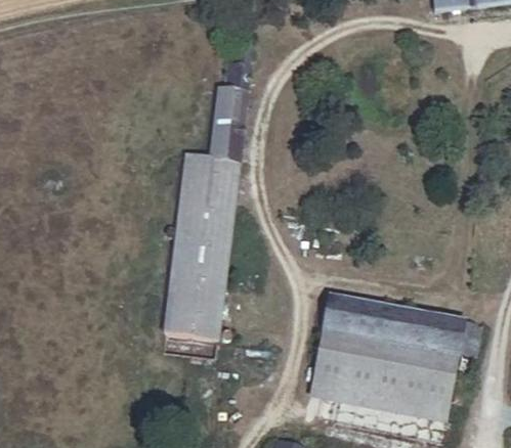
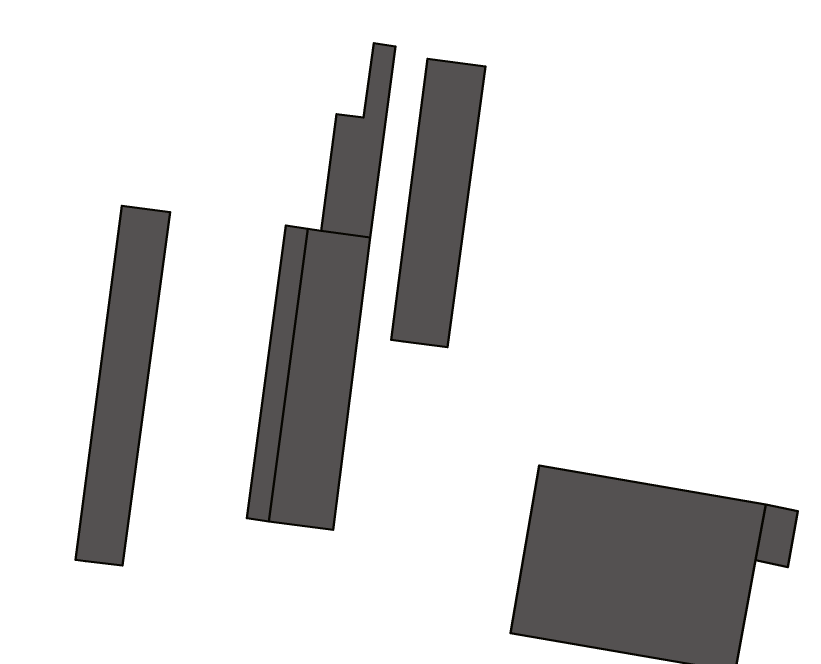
building: none -> [391,59,486,347]
building: none -> [75,206,170,566]

